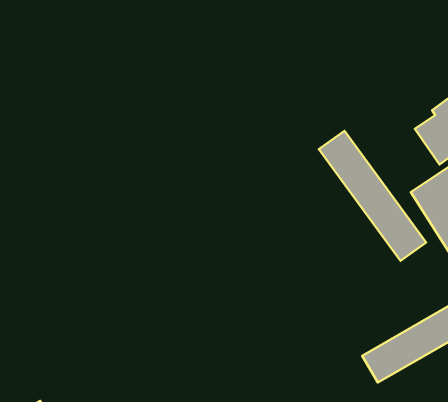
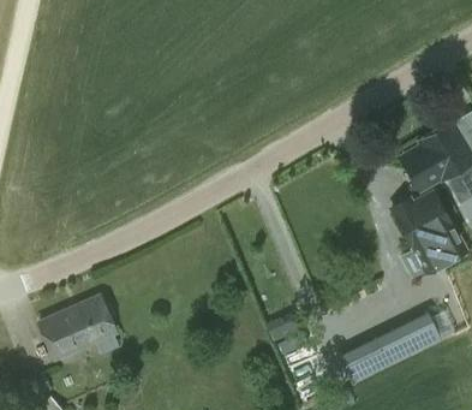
building: [319,131,426,261] -> none
building: none -> [41,296,118,358]

